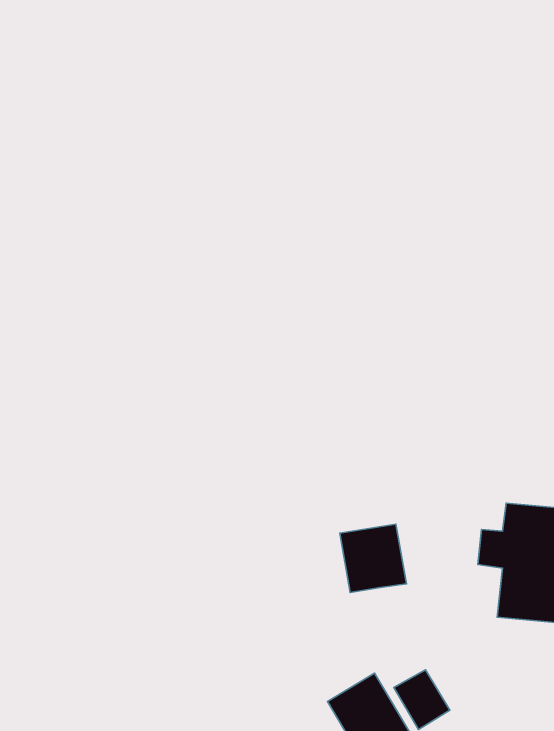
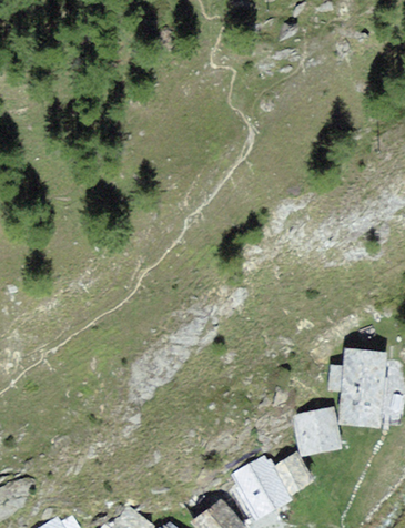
building: [340,524,406,593] -> [296,409,338,453]

